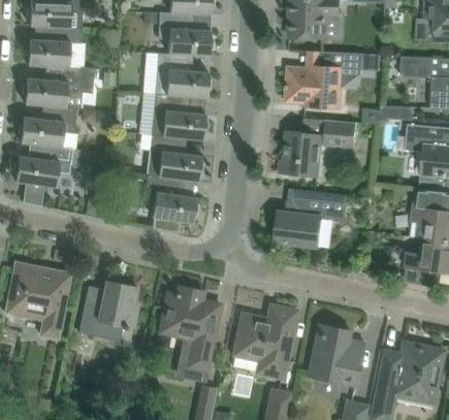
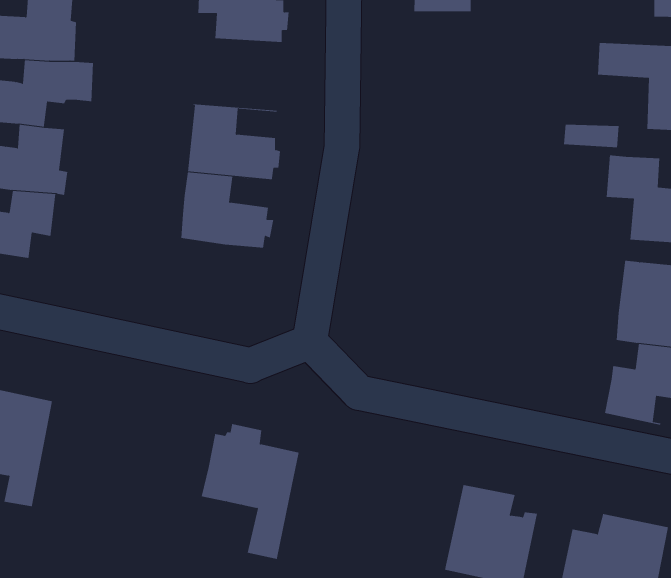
building: [284,51,362,108] -> none
building: [154,53,211,97] -> none
building: [278,120,355,176] -> none
building: [142,174,198,233] -> none
building: [274,190,348,247] -> none
building: [77,280,137,338] -> none
building: [233,308,295,376] -> none

